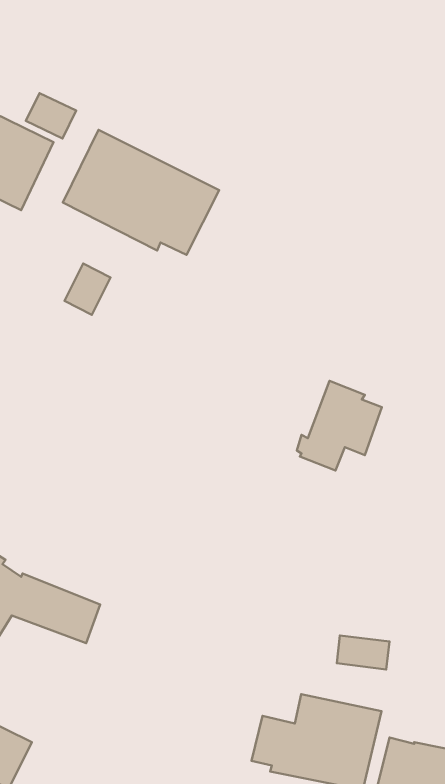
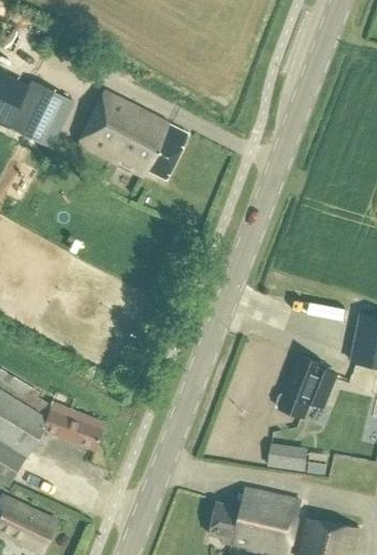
building: [26,93,76,138] -> none
building: [65,263,111,315] -> none
building: [297,381,382,470] -> [281,354,340,417]

